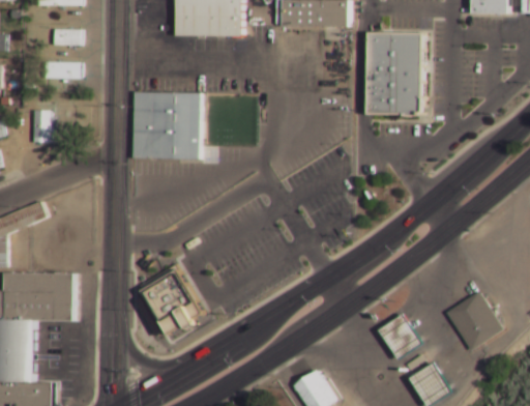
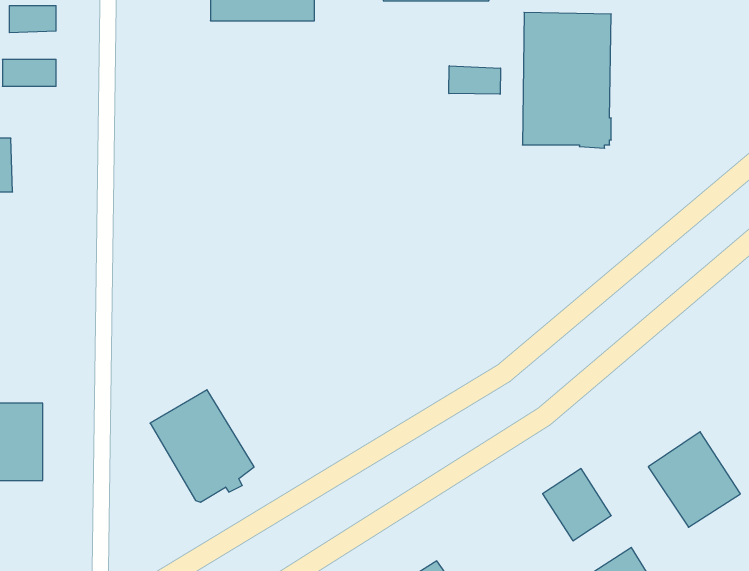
building: none -> [449,66,500,94]
building: [132,92,198,157] -> none

